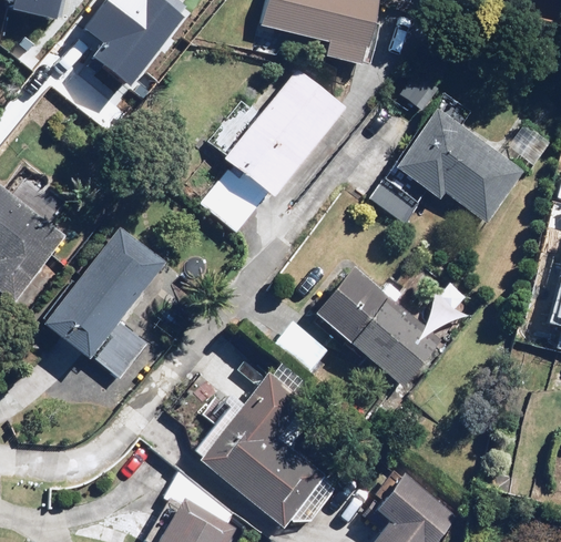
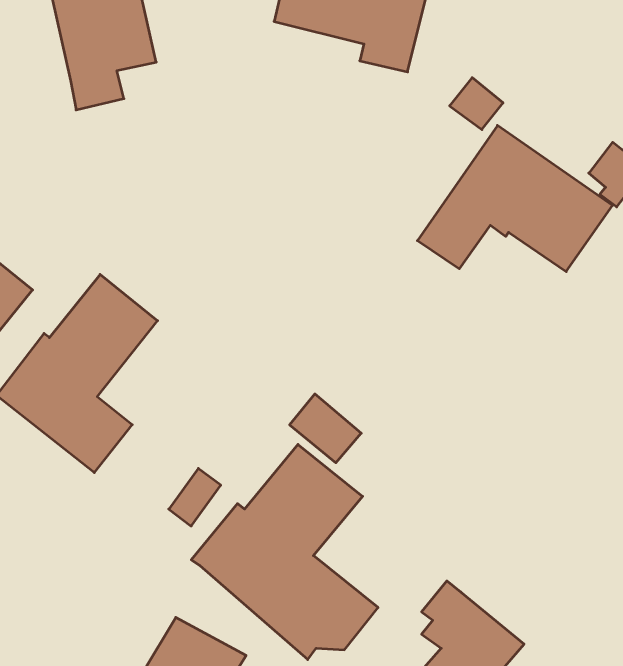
building: [201,70,344,231] -> none
building: [312,266,465,387] -> none

